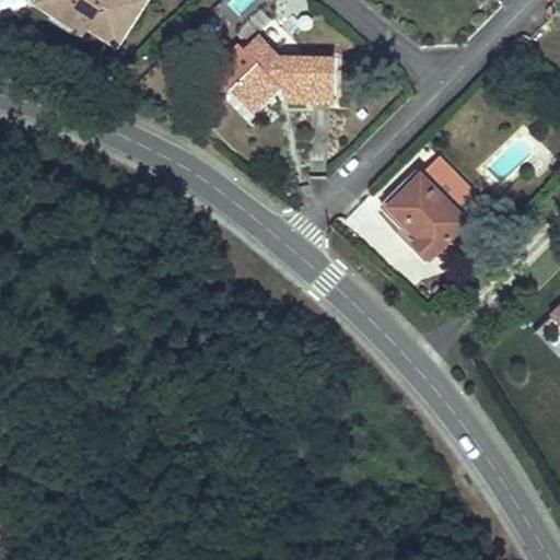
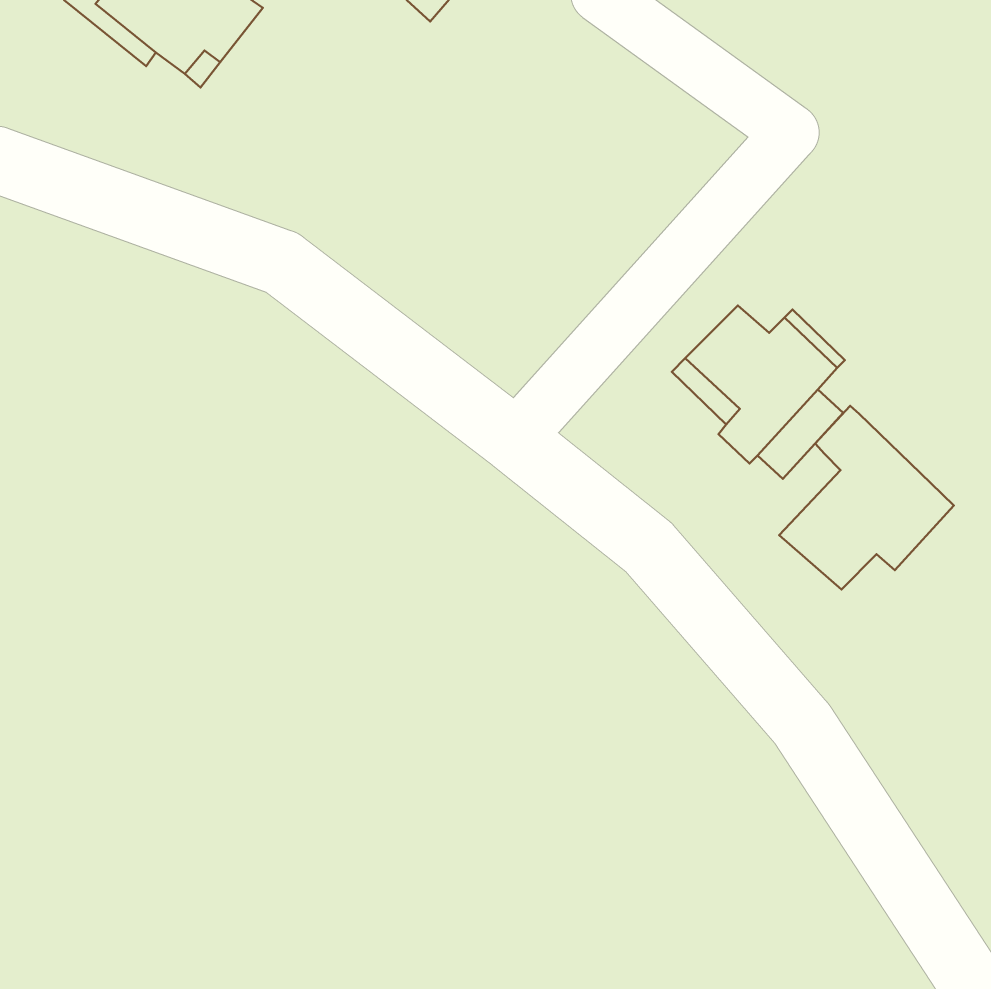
building: [225,27,331,107] -> none
building: none -> [779,406,954,589]

